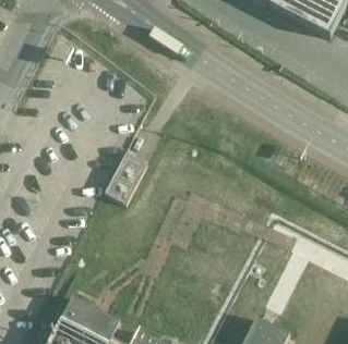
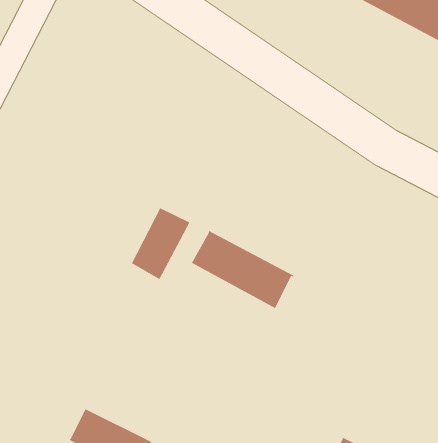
building: none -> [191,230,294,309]

